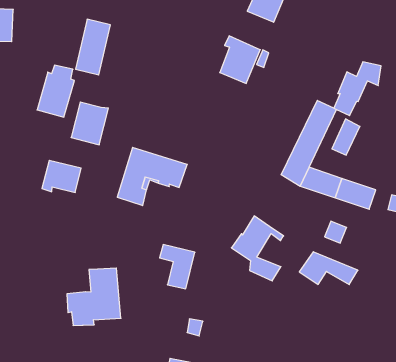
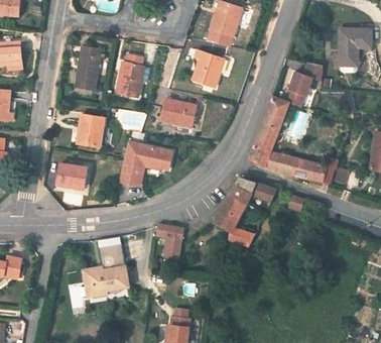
building: [37,65,74,117] -> [117,55,145,97]
building: none -> [161,99,197,126]
building: [299,252,358,285] -> [230,178,277,204]

